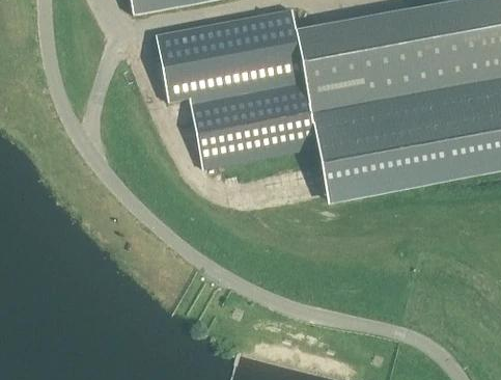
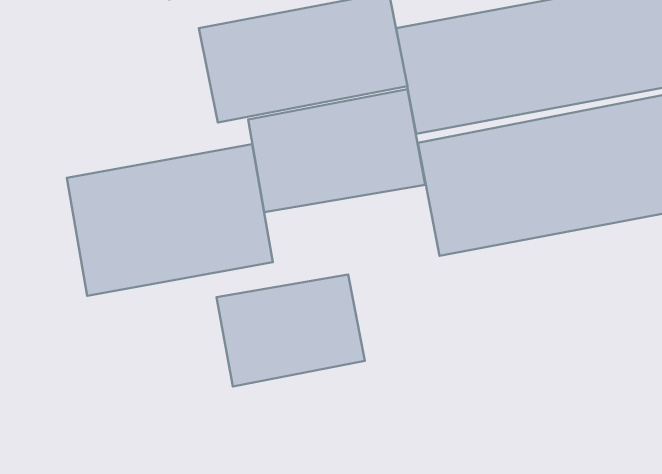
building: none -> [67,144,273,296]
building: none -> [217,275,365,386]

